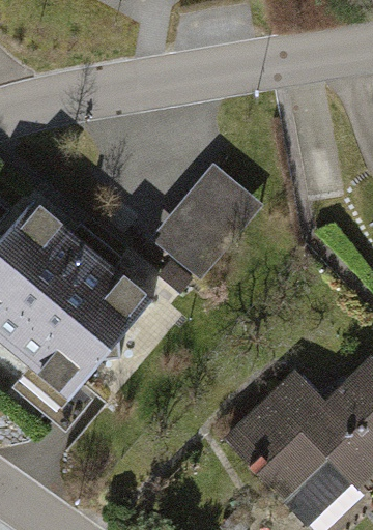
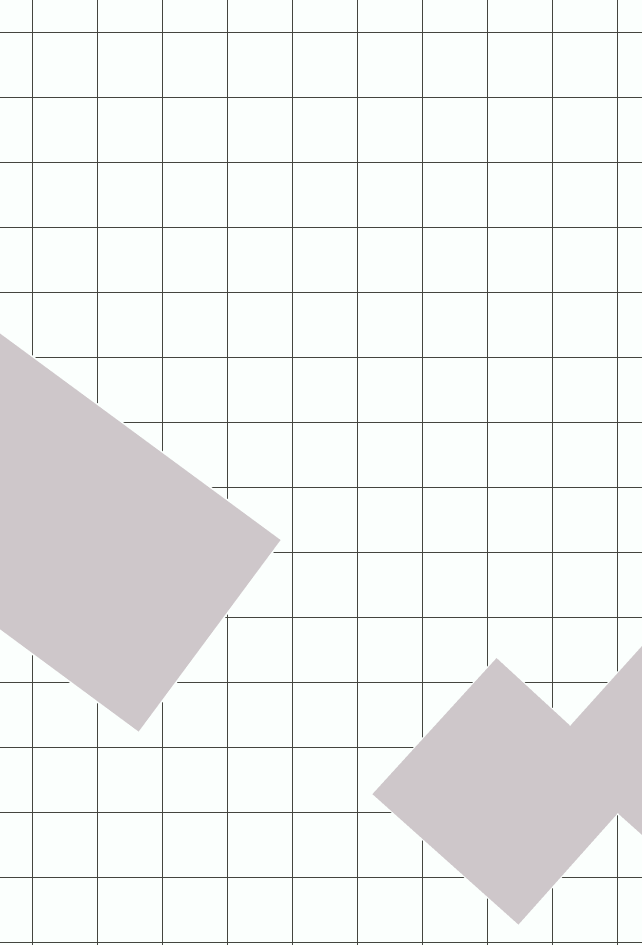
building: [149,164,260,277] -> none

